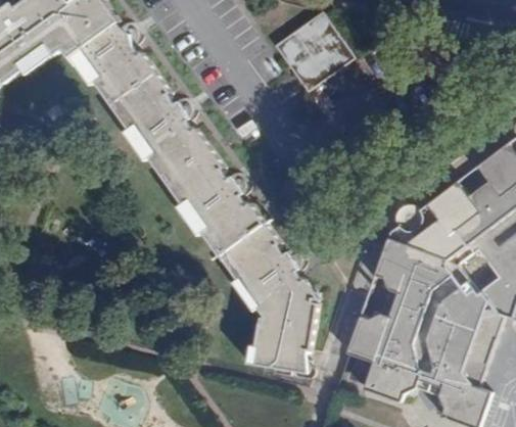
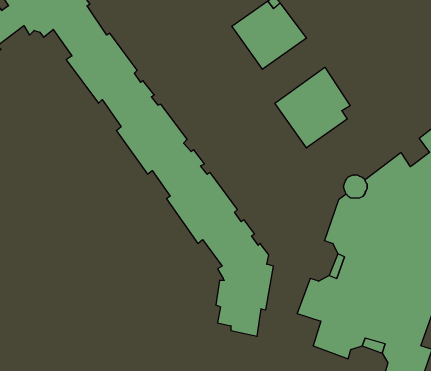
building: none -> [275,67,350,148]

